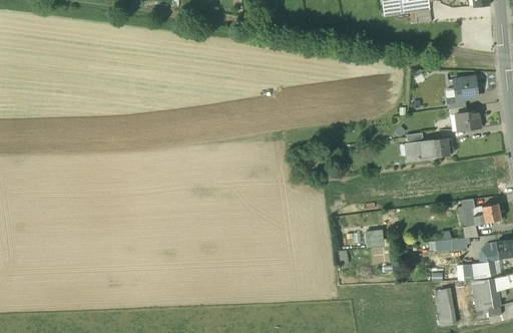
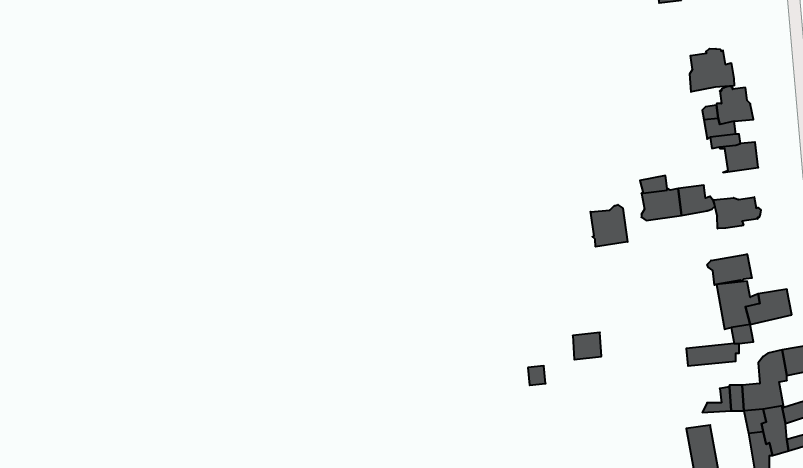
building: none -> [690,49,734,92]
building: none -> [714,197,761,229]
building: none -> [590,205,628,247]
building: none -> [707,254,752,285]

